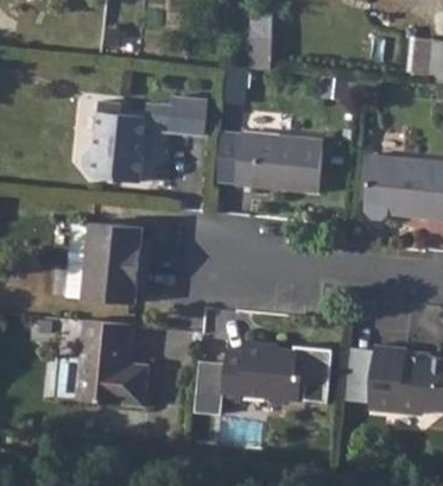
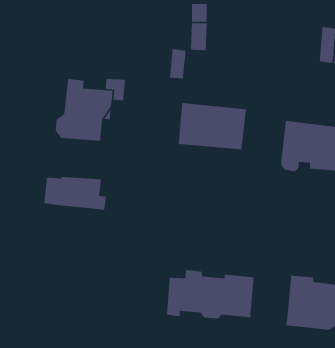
building: [169,96,205,135] -> none
building: [67,259,145,303] -> none
building: [75,320,146,406] -> none
building: [344,348,374,404] -> none
building: [195,360,223,414] -> none

